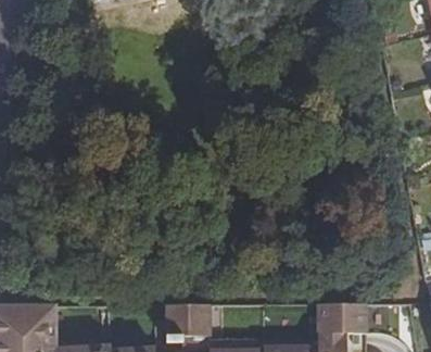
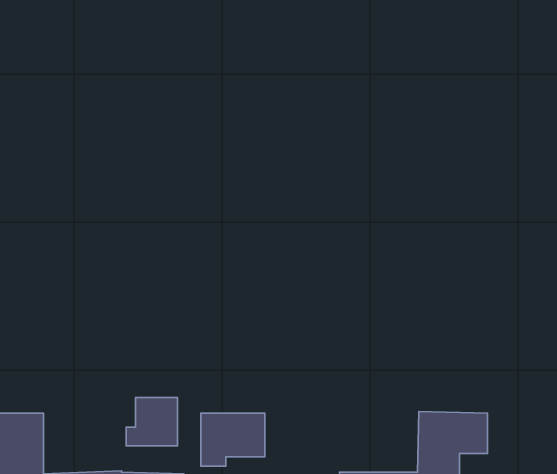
building: none -> [126,398,178,446]

